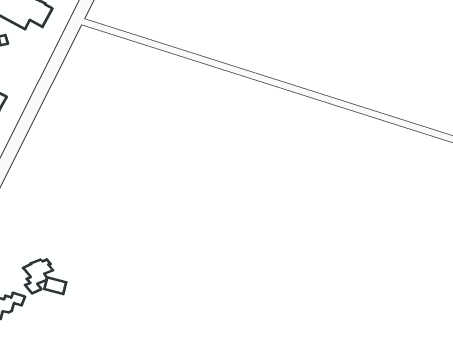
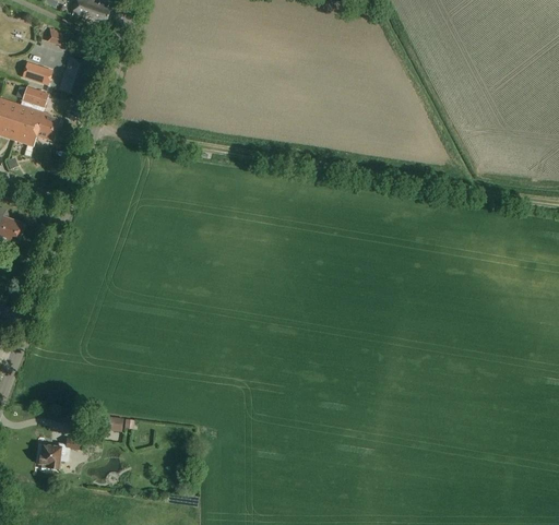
building: [23,259,53,293] -> none

